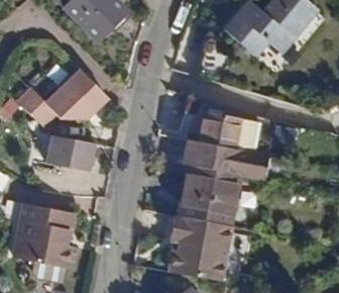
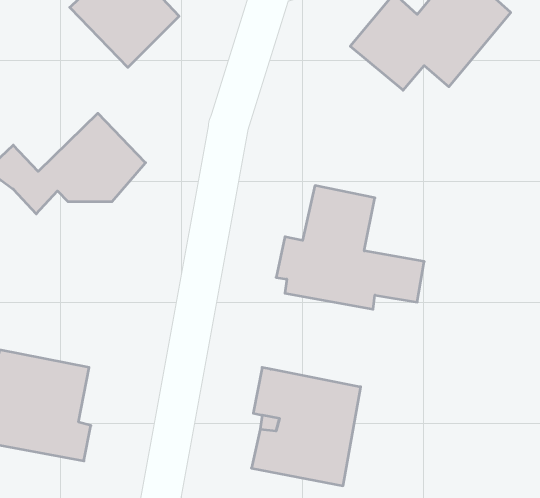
building: [45,132,94,169] -> none
building: [179,171,237,224] -> none

